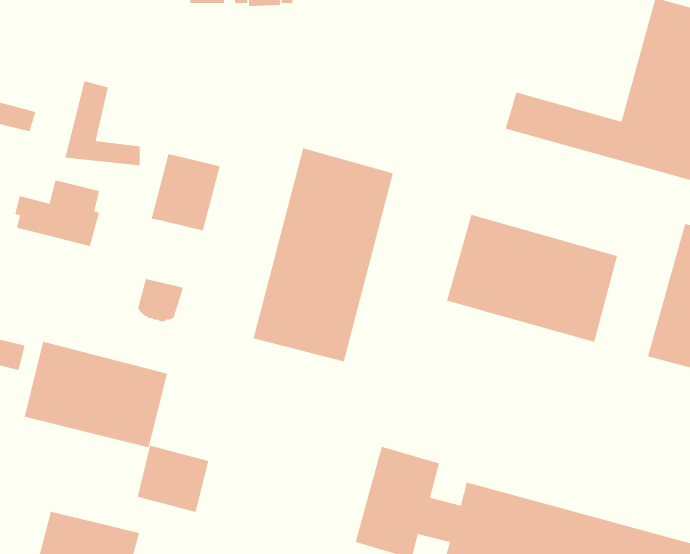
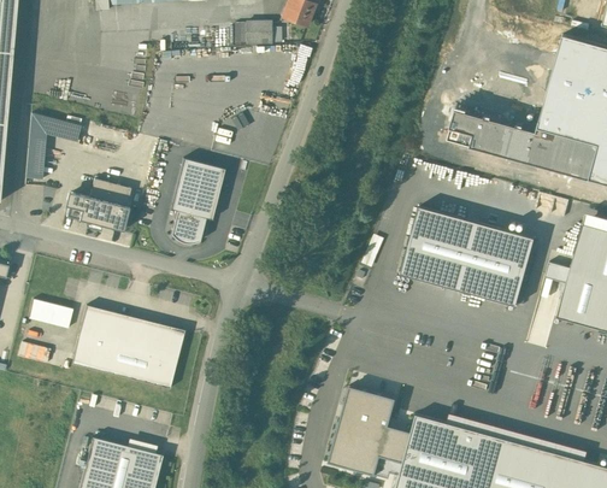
building: [65,80,140,166] -> none
building: [253,148,393,362] -> none
building: [137,278,184,322] -> [170,211,206,245]
building: [137,445,209,513] -> none

